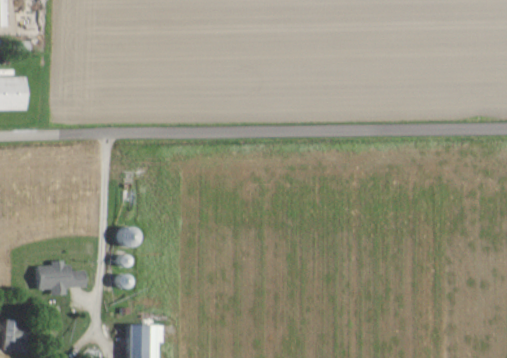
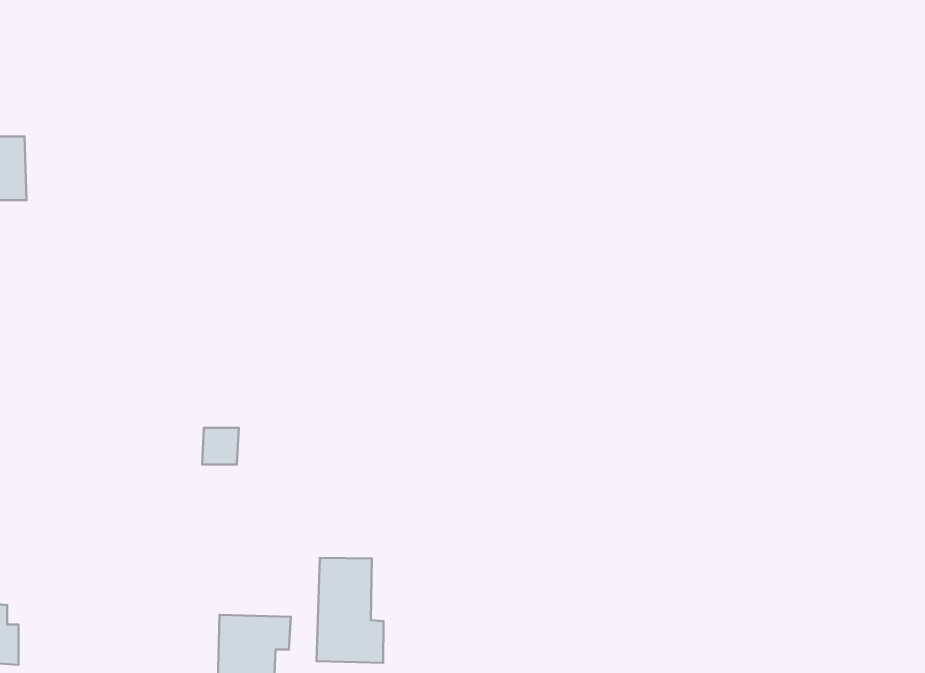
building: [36,262,85,296] -> none
building: none -> [317,558,383,663]

